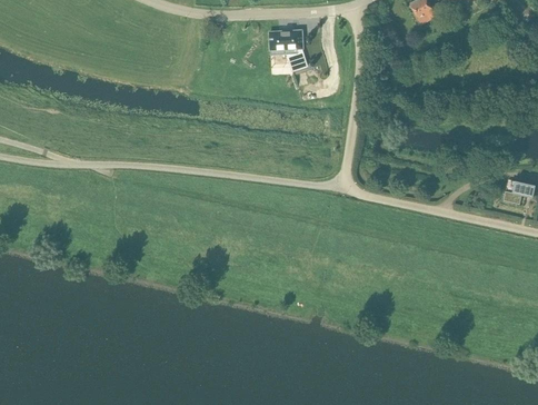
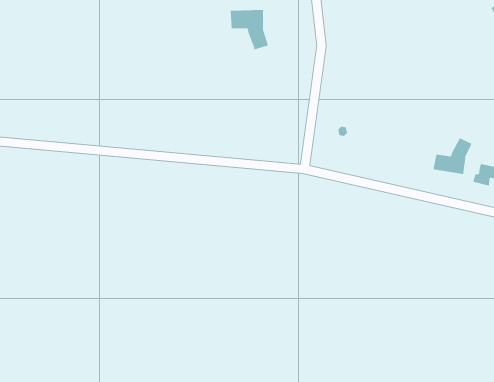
building: none -> [433,137,472,175]

